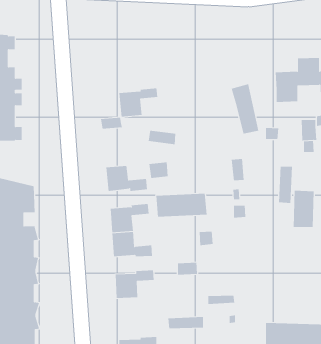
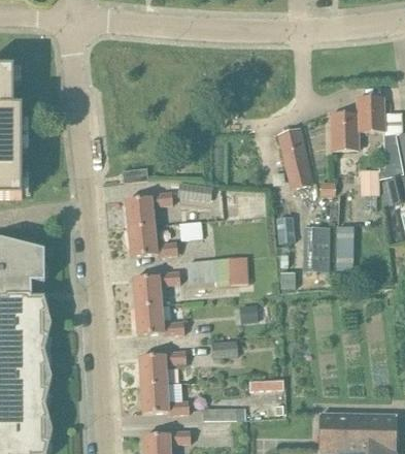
building: [118,88,158,117] -> [125,192,172,227]
building: [293,190,314,227] -> [304,227,330,271]
building: none -> [140,383,189,414]

